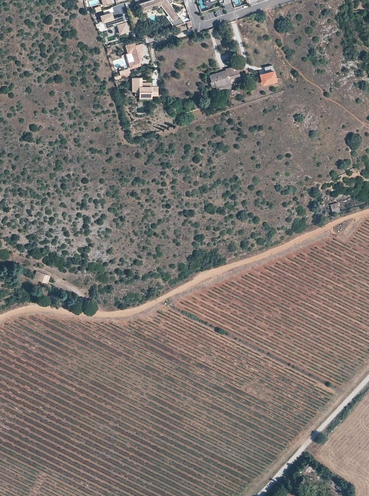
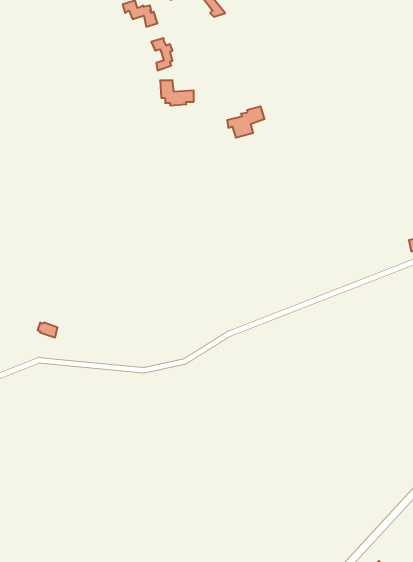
building: [209,65,239,90] -> [227,106,265,138]

